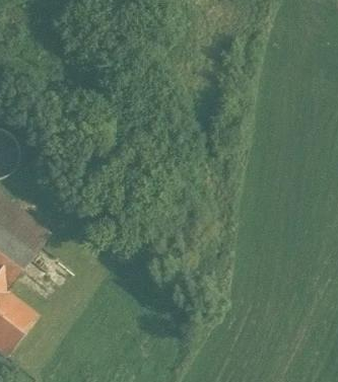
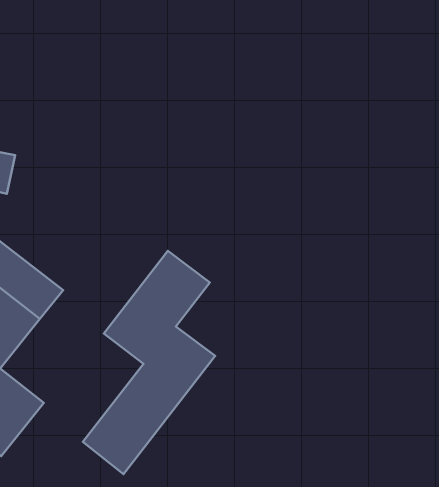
building: none -> [83,251,215,474]

